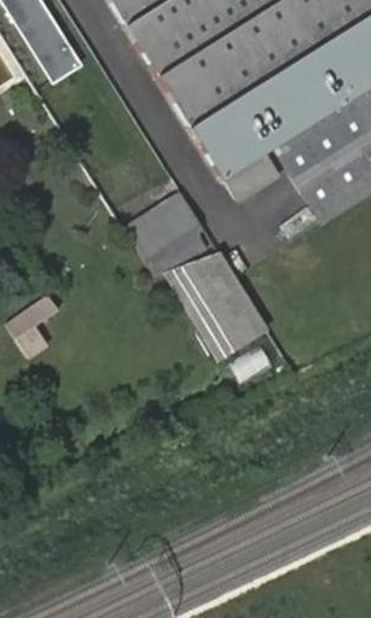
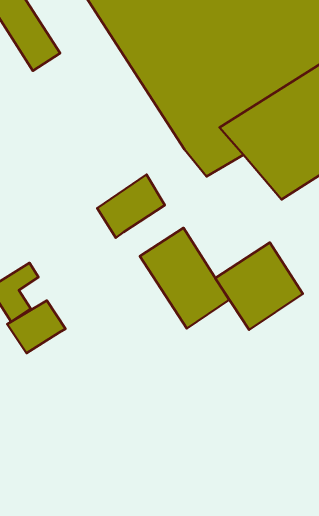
building: [152,228,219,285] -> none
building: none -> [215,242,303,330]
building: none -> [7,300,65,353]

